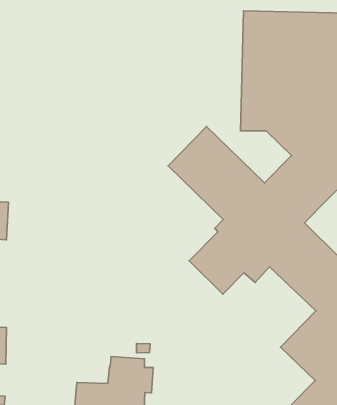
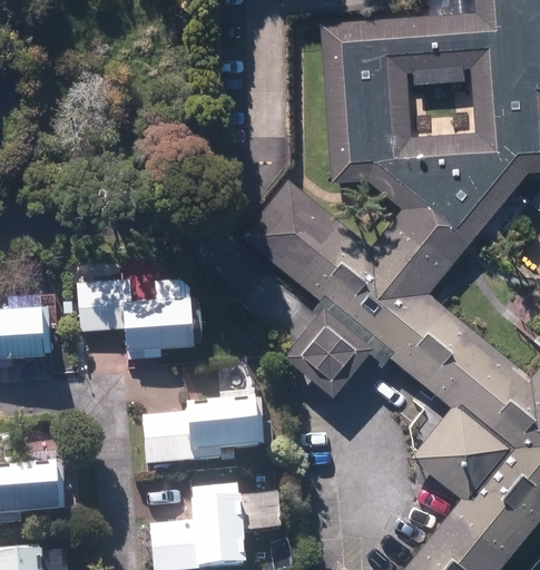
building: none -> [79,277,193,358]
building: none -> [143,400,263,466]

